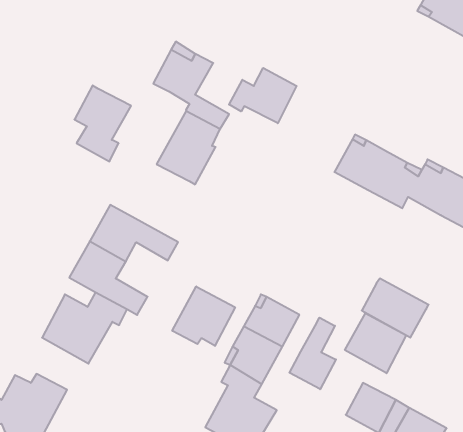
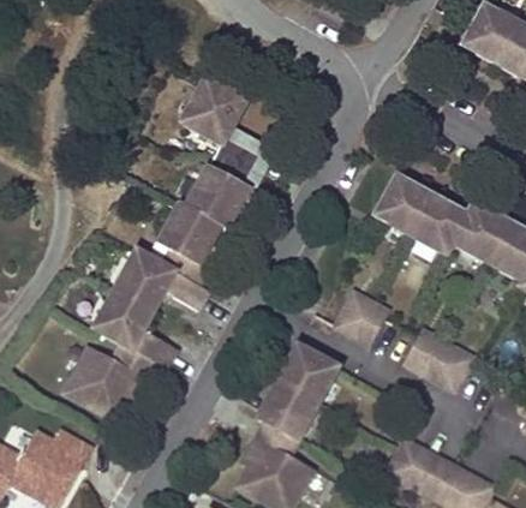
building: [229,68,297,123] -> none
building: [74,85,131,161] -> [160,202,220,282]
building: none -> [334,289,388,342]
building: [172,286,235,346] -> none
building: [345,313,406,373] -> none
building: [289,318,336,389] -> none

